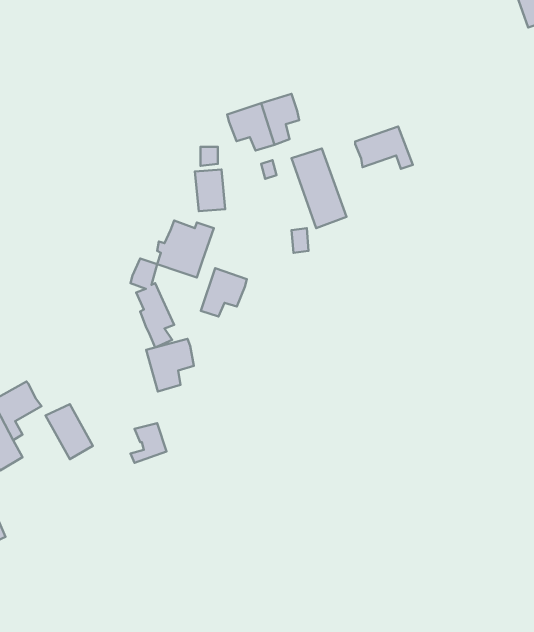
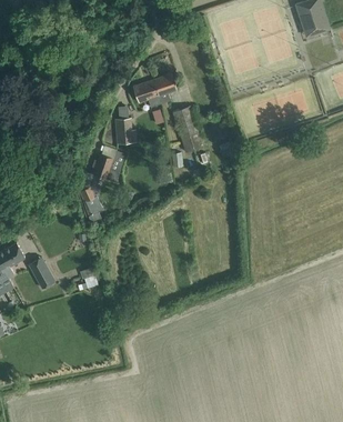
building: [355,127,413,169] -> none
building: [201,268,247,316] -> none
building: [146,339,194,391] -> none

